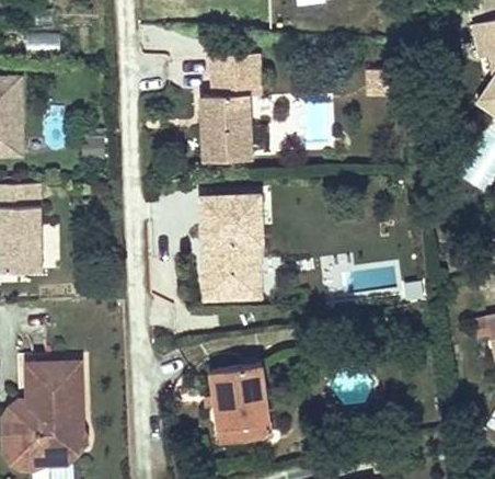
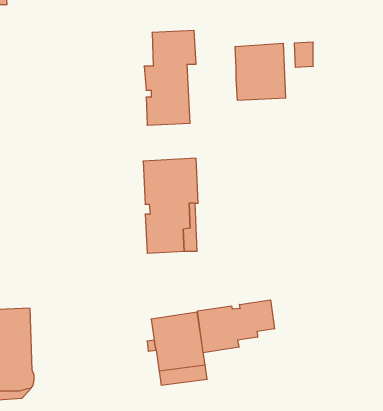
building: none -> [235,43,286,100]
building: none -> [197,300,275,353]

